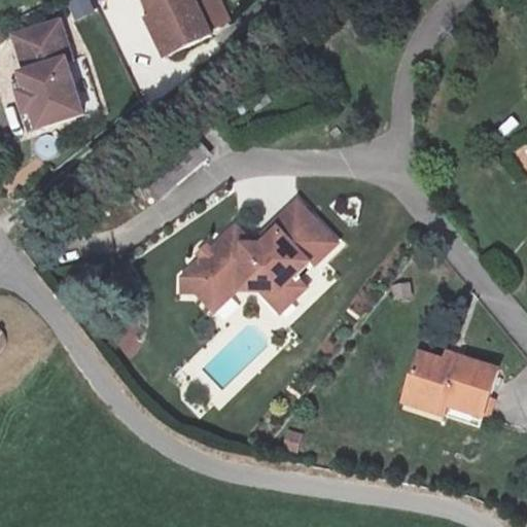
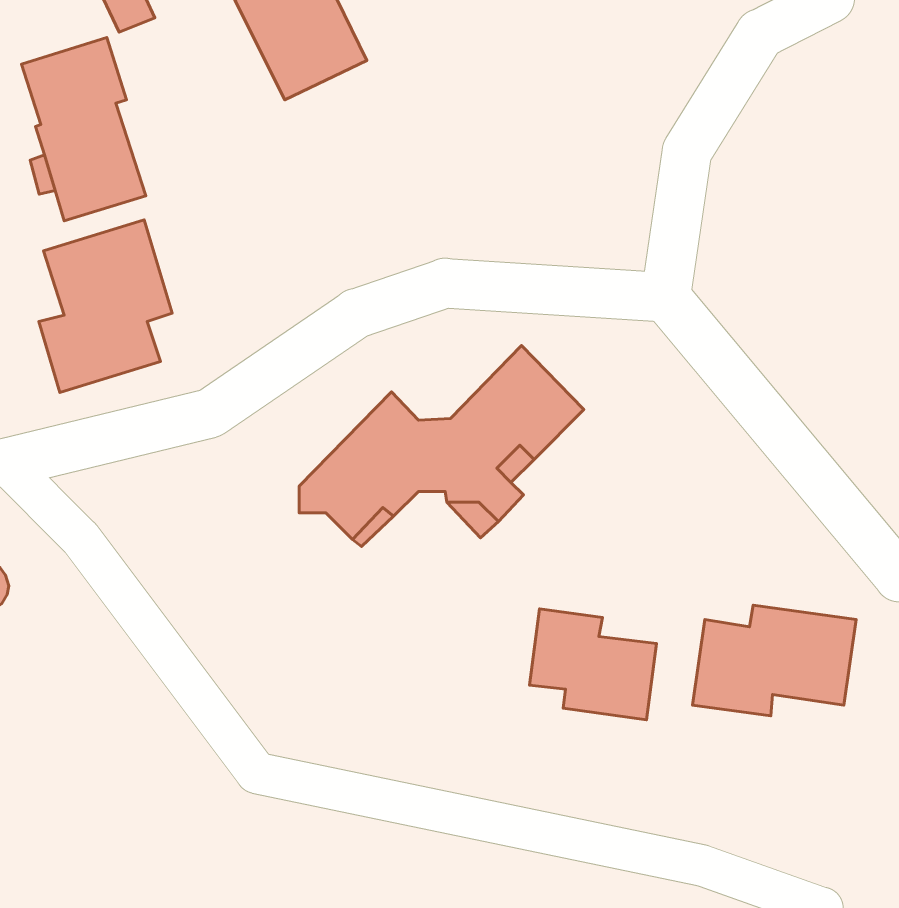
building: none -> [39,220,172,392]
building: none -> [529,609,656,720]

